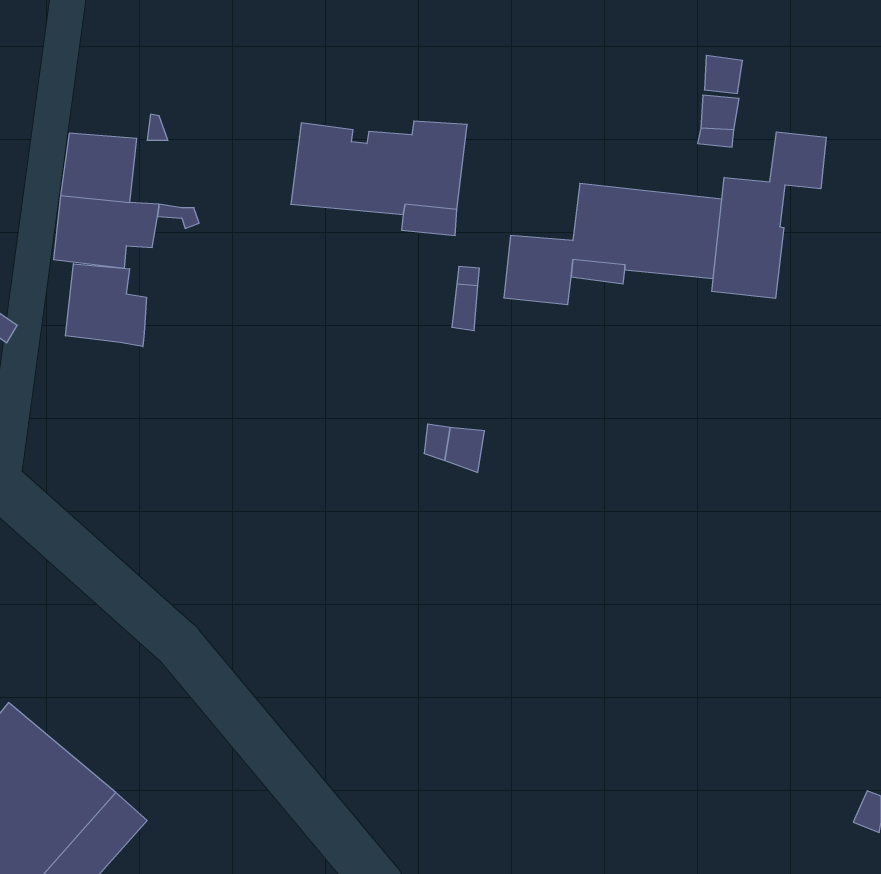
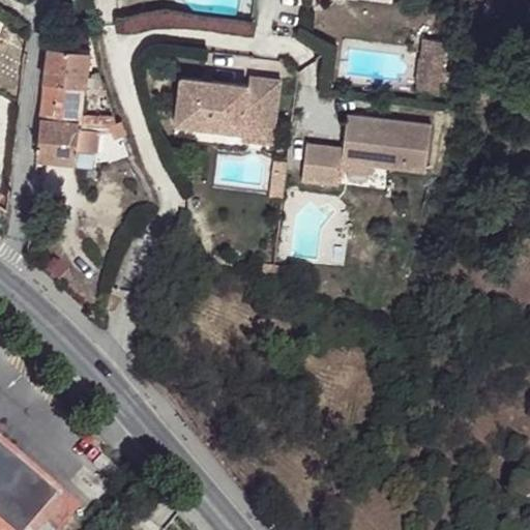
building: none -> [41,50,86,89]
building: [712,132,826,298] -> none
building: [66,264,146,347] -> none

